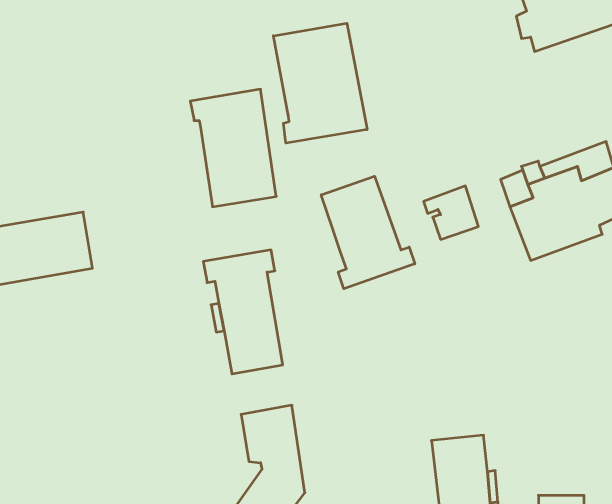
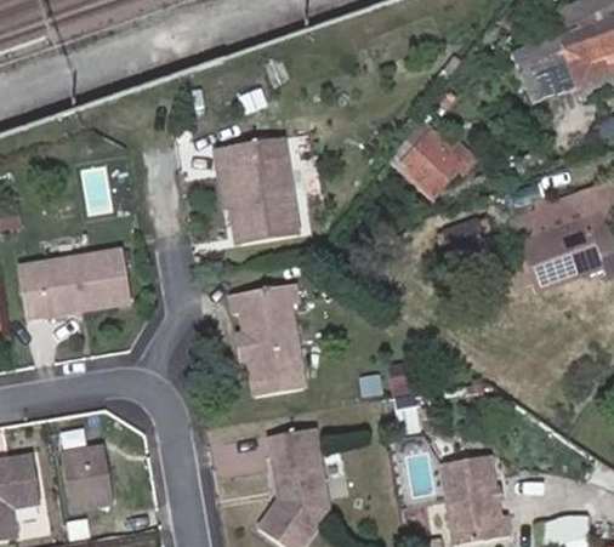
building: [273,23,367,143] -> none
building: none -> [408,141,462,195]
building: [321,176,415,289] -> none
building: none -> [57,443,110,512]

